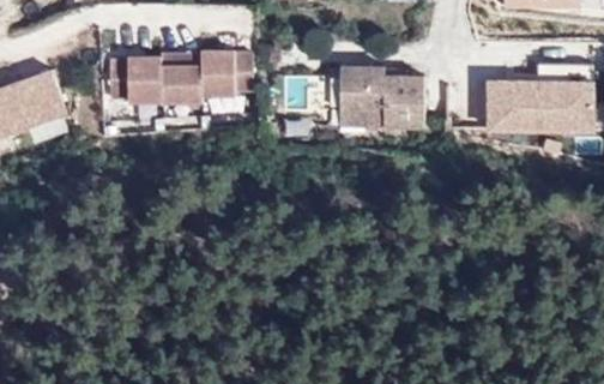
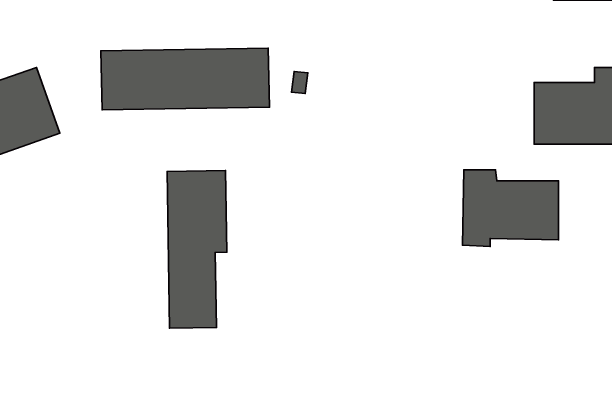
building: [342,65,425,132] -> [463,170,559,247]
building: none -> [167,171,227,328]

